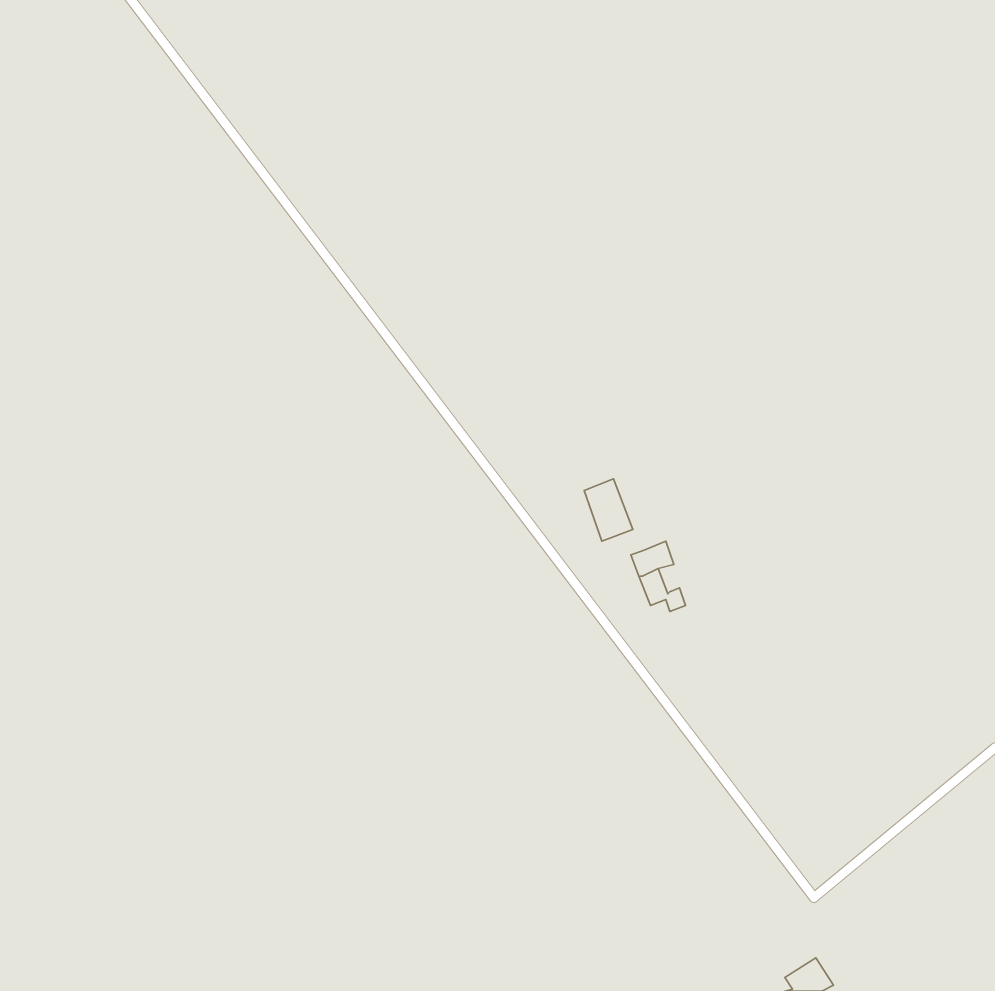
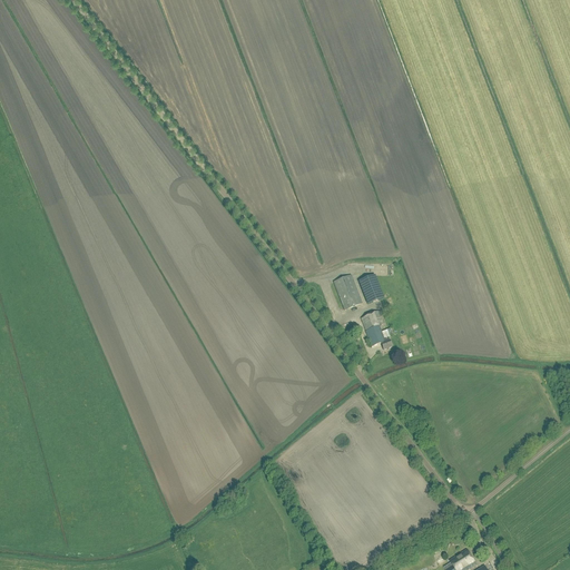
building: none -> [358,274,384,303]

